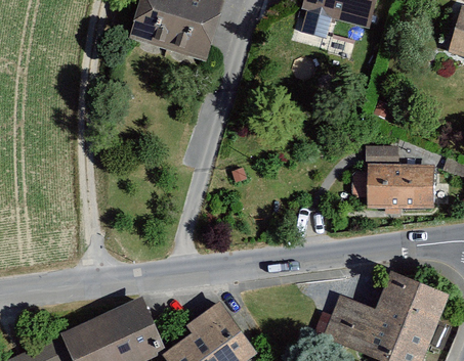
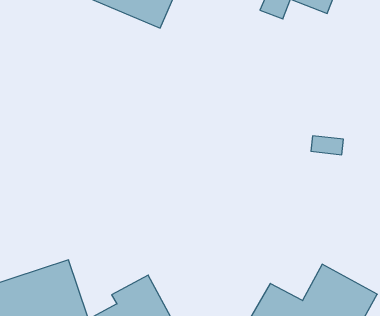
building: [368,166,431,209] -> none

